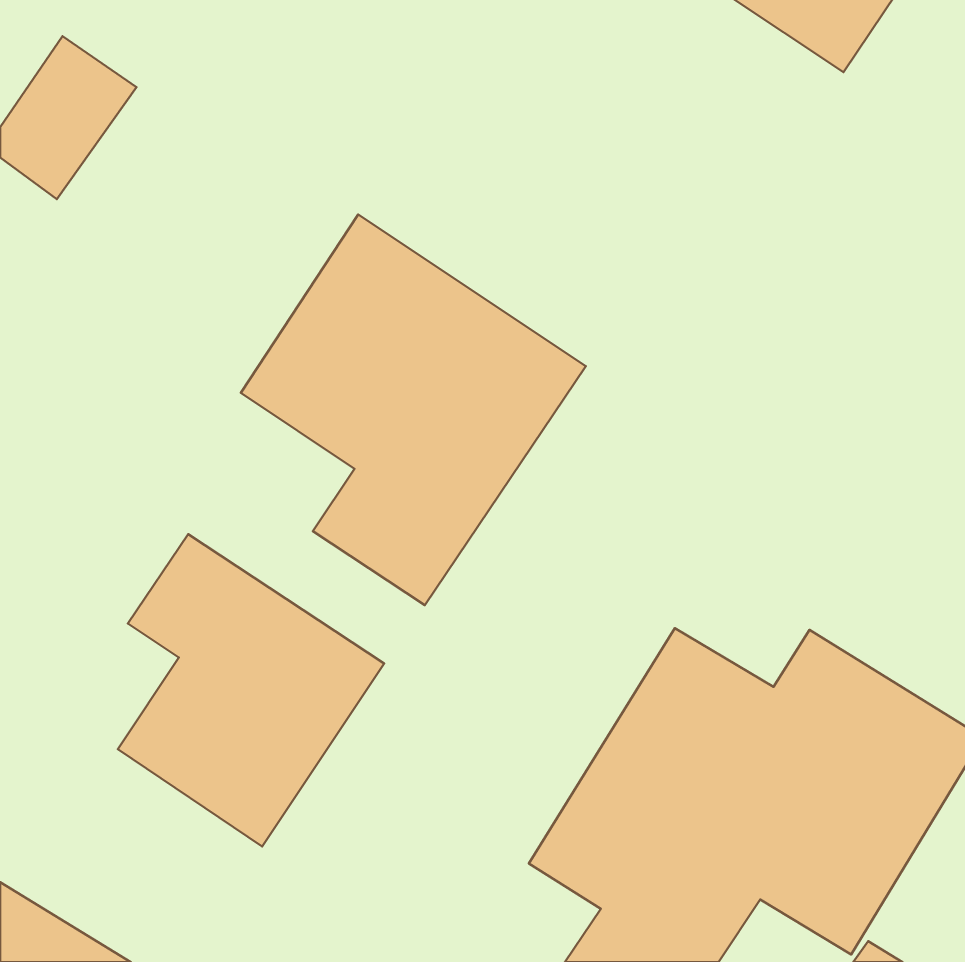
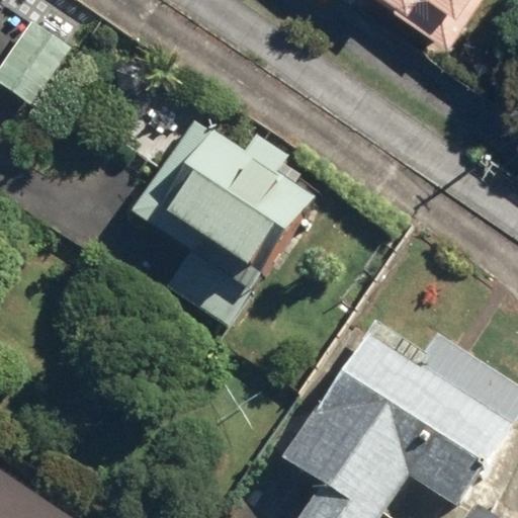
building: [118,534,384,846] -> none

